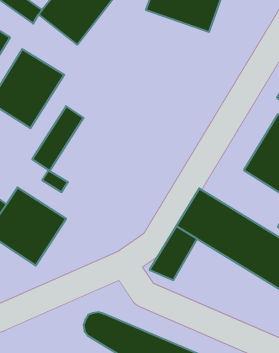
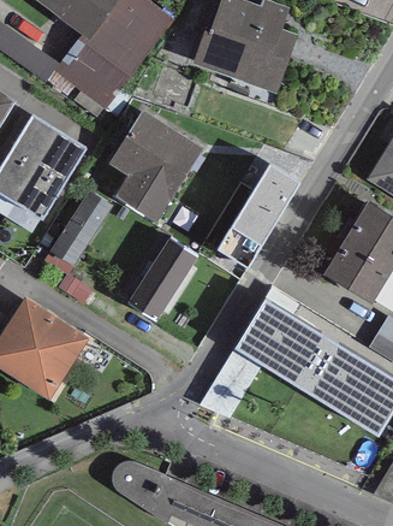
building: none -> [108,108,203,220]
building: none -> [216,164,299,267]
building: none -> [127,237,198,319]

